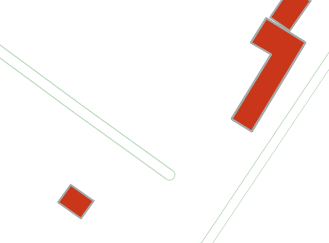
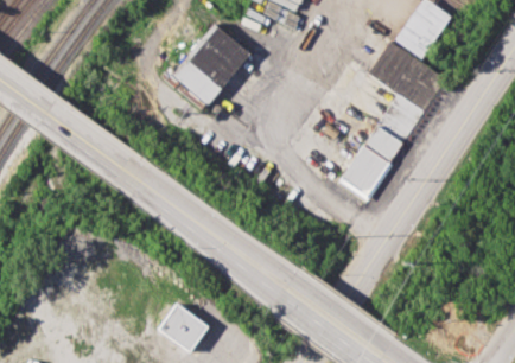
building: none -> [171,23,250,104]
building: [58,185,94,218] -> [158,304,208,351]

